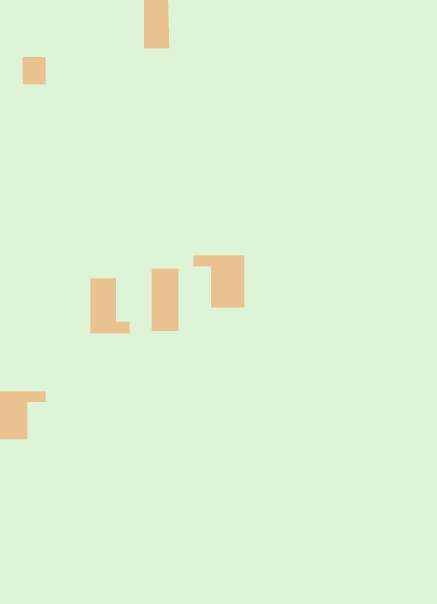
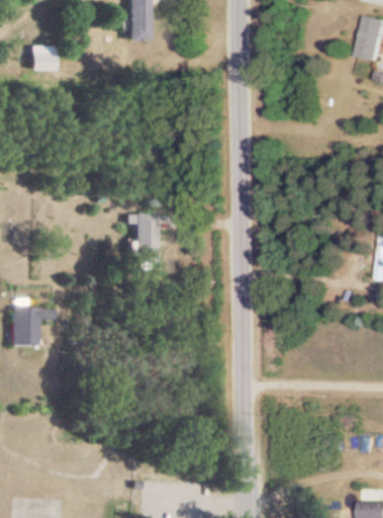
building: [193,254,245,309] -> none
building: [90,278,130,334] -> none

